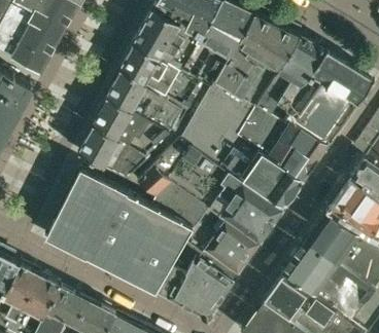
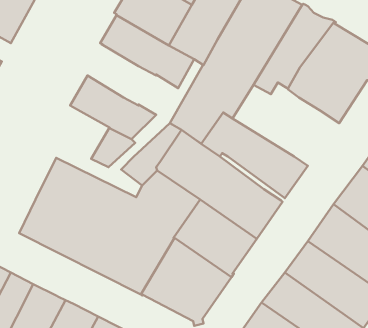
building: [105,71,181,135] -> none
building: [236,108,326,180] -> none
building: [78,127,127,174] -> none

